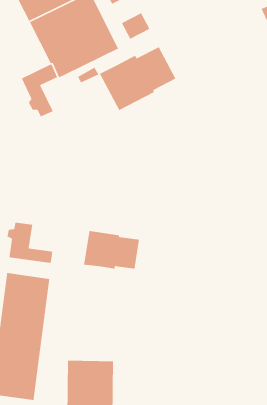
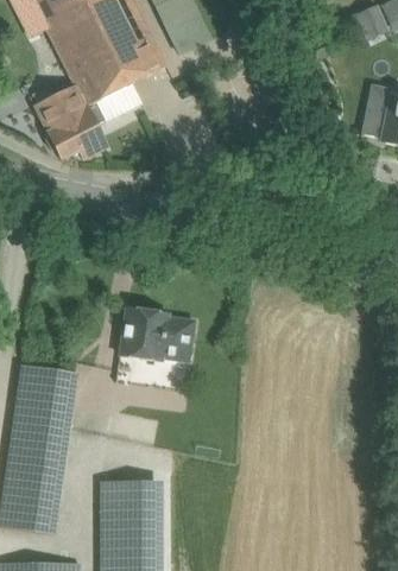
building: [99,46,177,111] -> none
building: none -> [64,101,108,159]
building: [7,222,53,264] -> none

